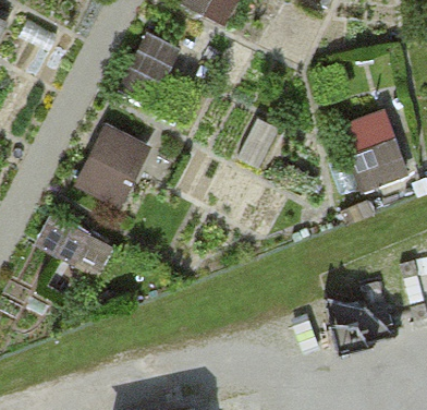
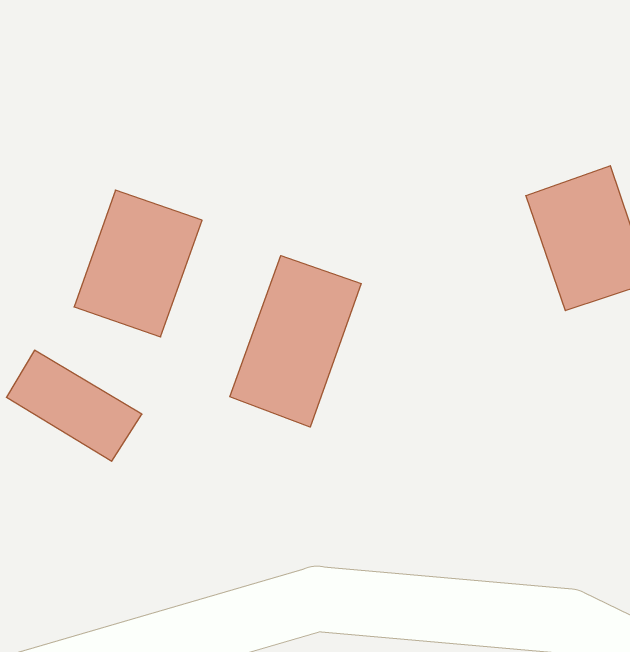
building: none -> [230,256,361,427]

